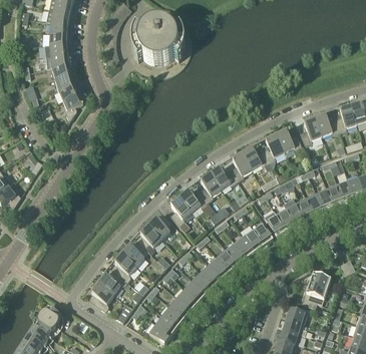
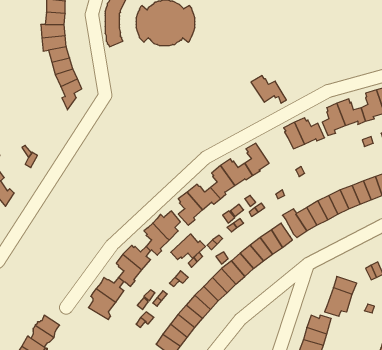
building: [240,145,272,170] -> [251,76,286,103]
building: none -> [171,234,205,260]

